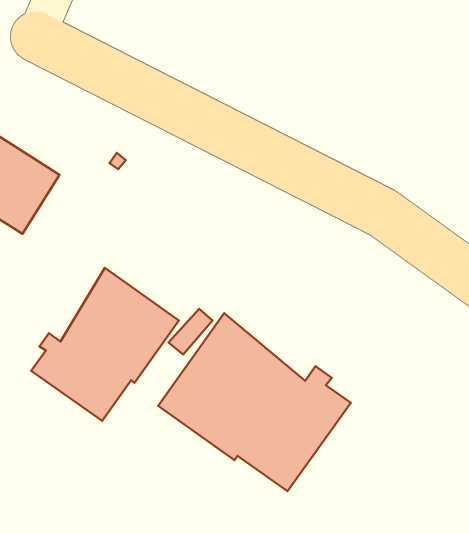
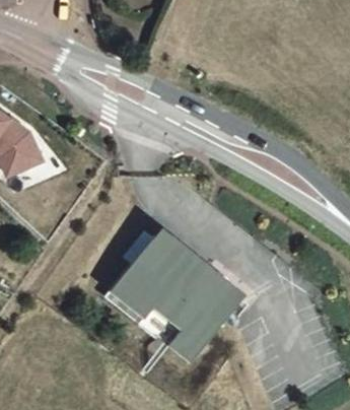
building: [31,268,179,421] -> none

